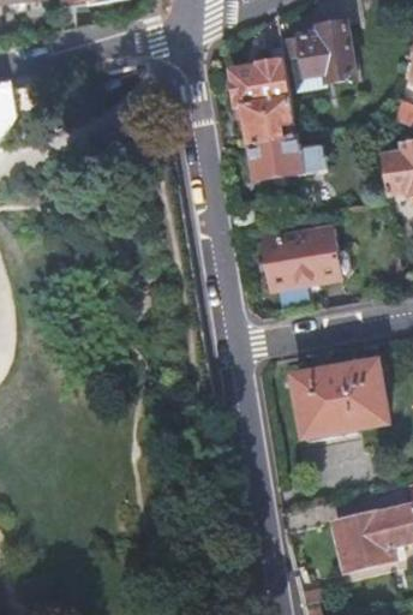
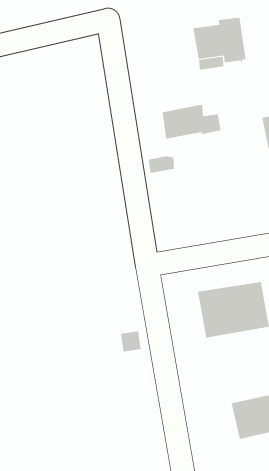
building: [233,13,297,145] -> none
building: [262,223,341,286] -> none

